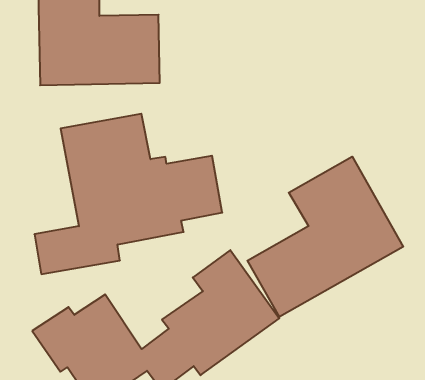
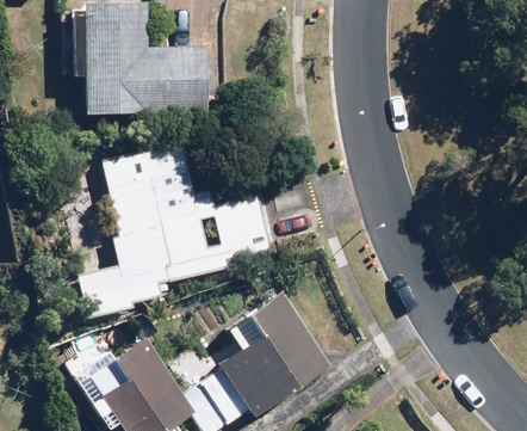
building: [247,157,403,317] -> none

